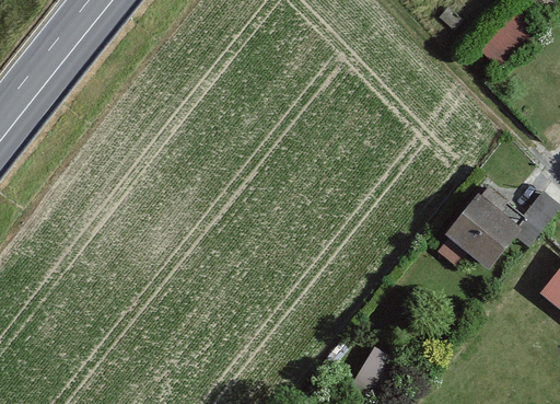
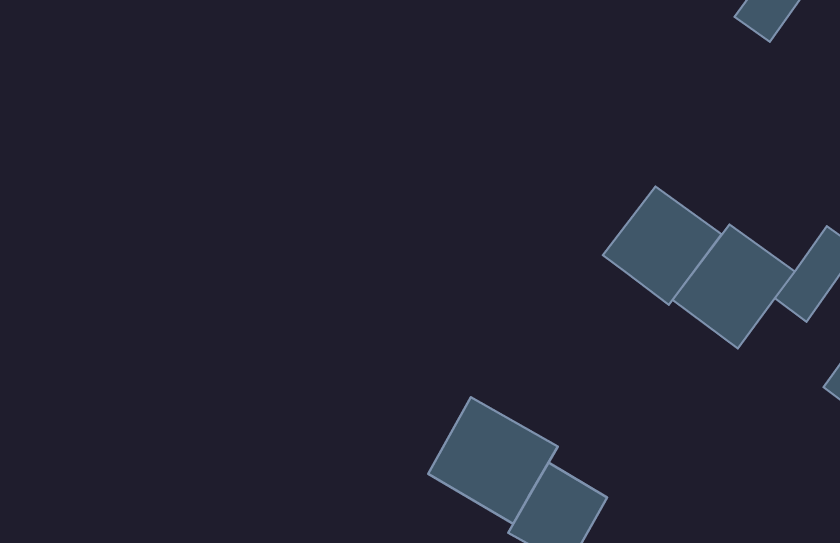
building: none -> [603,186,721,305]
building: none -> [428,397,558,524]

